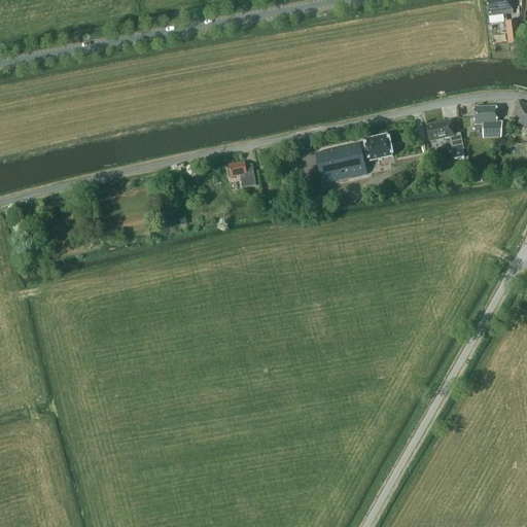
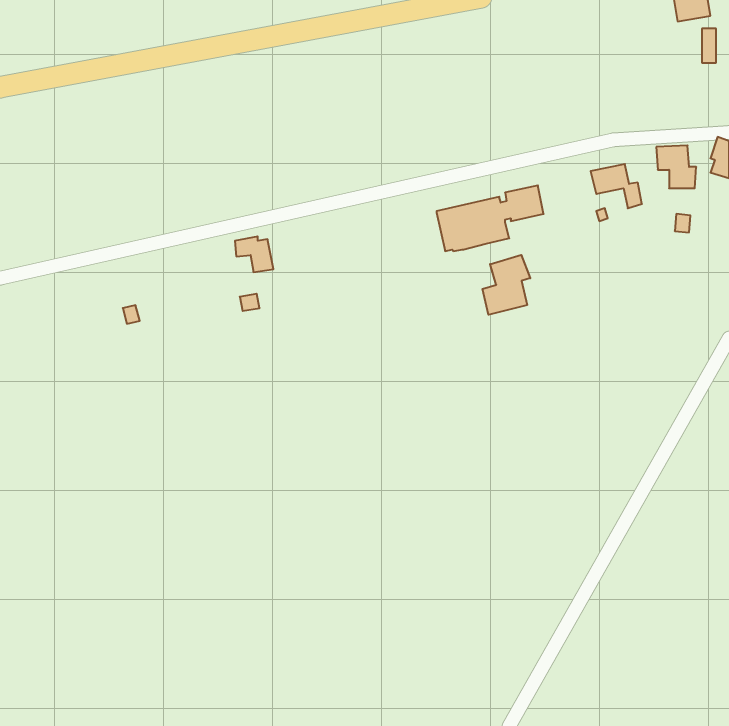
building: [229,161,256,186] -> [235,236,273,272]
building: none -> [482,255,530,315]

